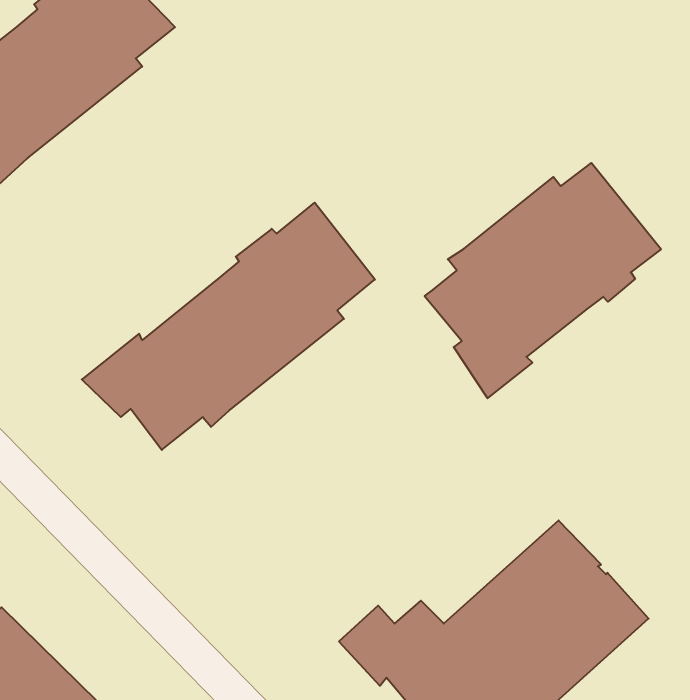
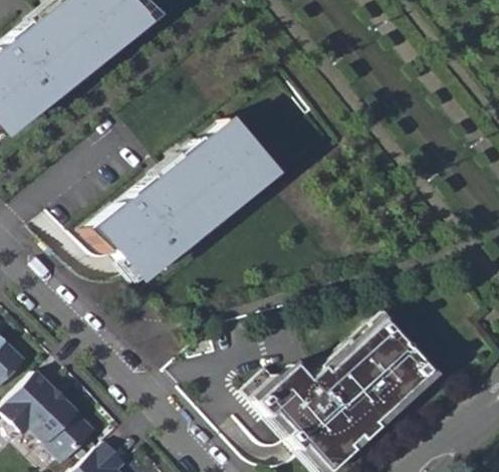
building: [425,163,661,398] -> none

